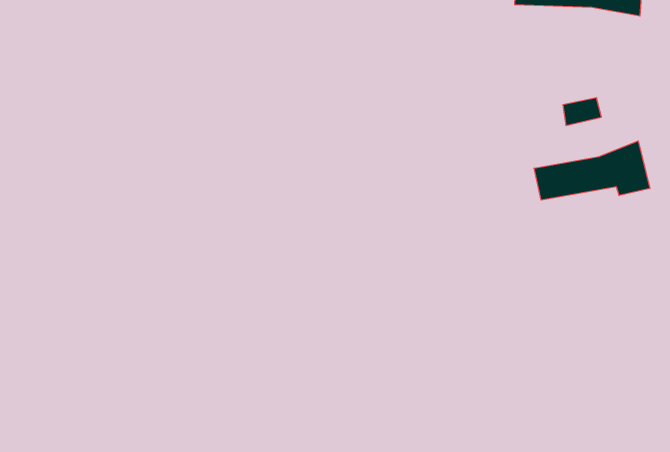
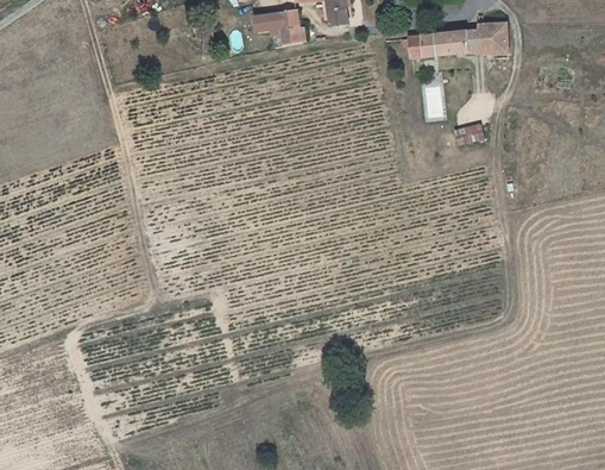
building: [534,141,650,200] -> none

